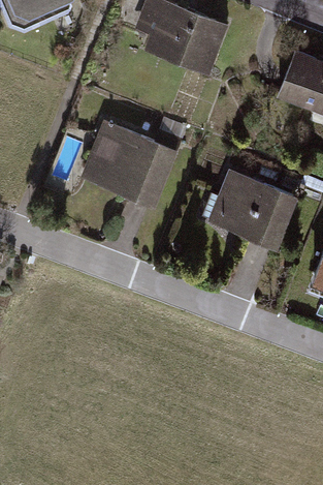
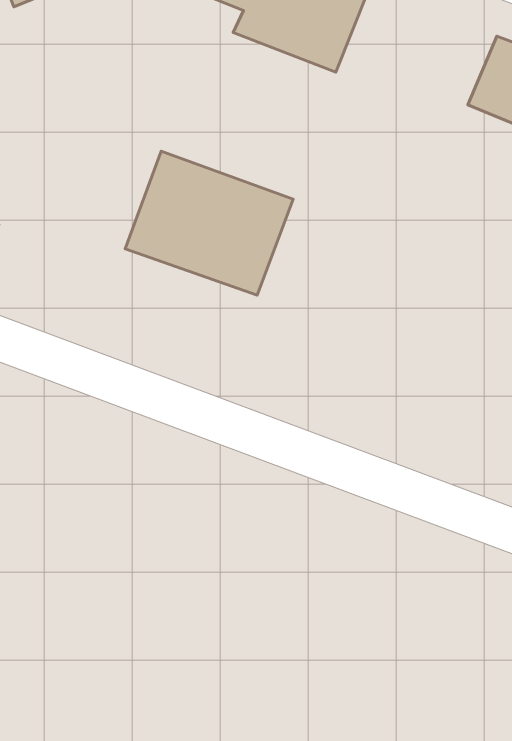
building: [209,170,301,251] -> none

